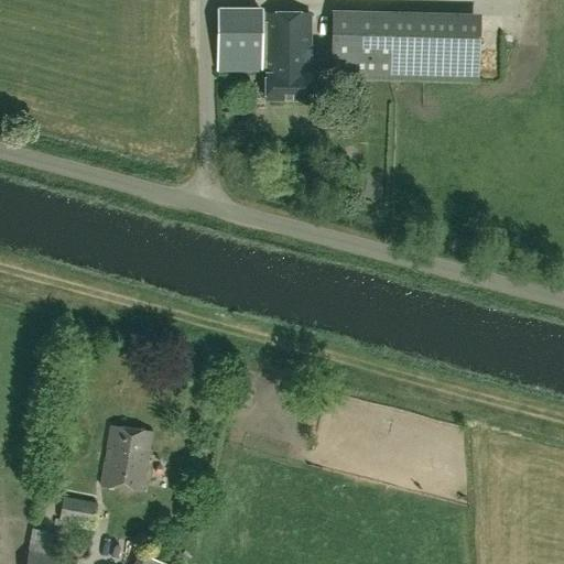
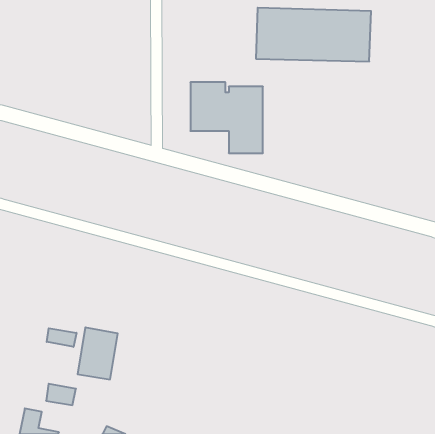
building: [217,6,311,97] -> [190,82,263,153]
building: none -> [47,328,76,347]

